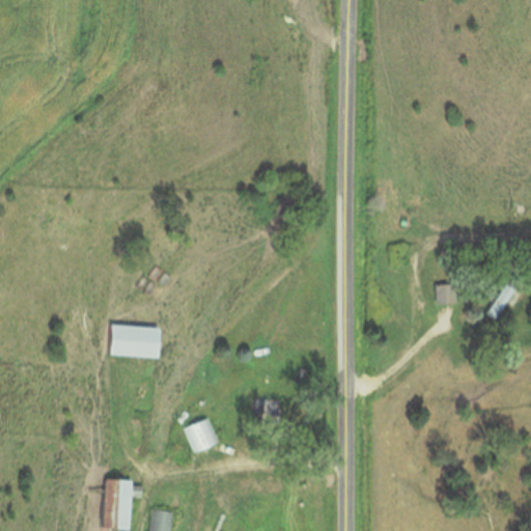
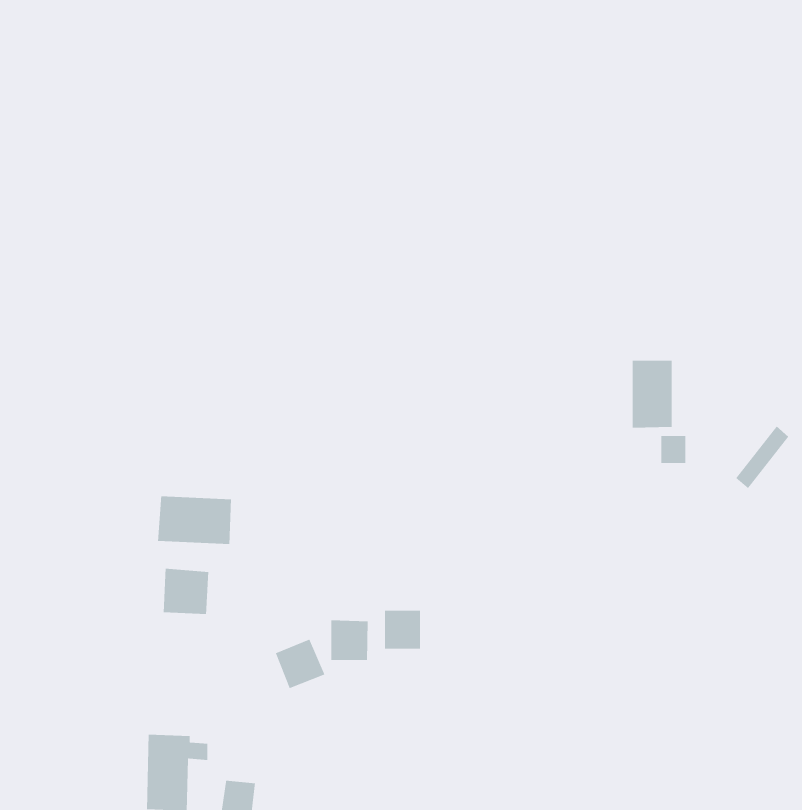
building: none -> [632,360,673,428]
building: none -> [163,568,209,615]
building: none -> [330,619,369,661]

